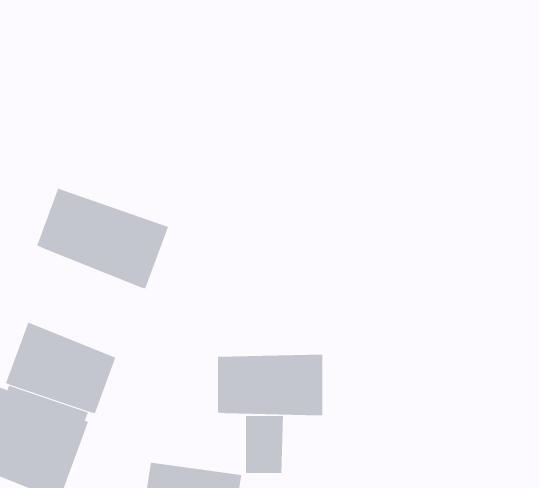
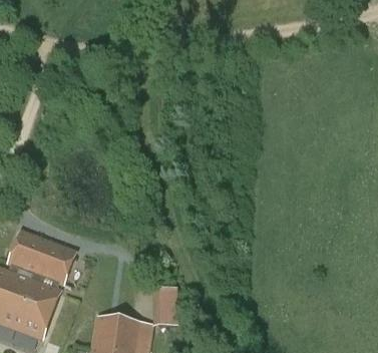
building: [36,188,169,289] -> none
building: [218,354,323,416] -> none

